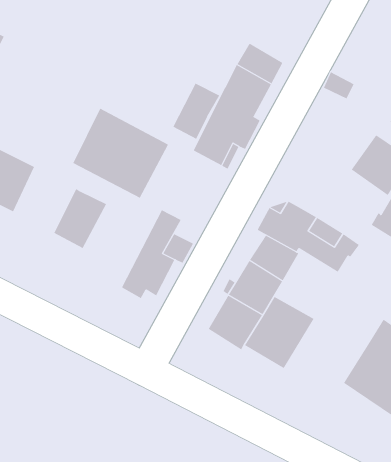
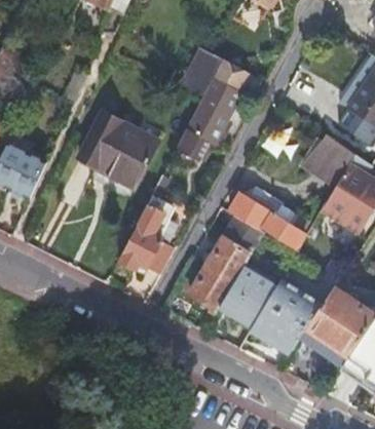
building: [173,83,220,139] -> [183,49,222,95]
building: [54,188,107,249] -> none
building: none -> [251,277,322,350]

